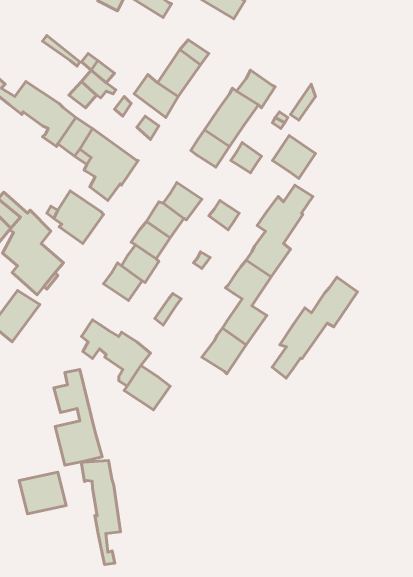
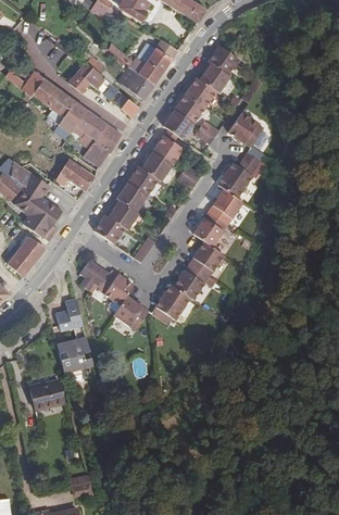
building: none -> [208,45,239,75]
building: none -> [152,135,183,164]
building: [272,277,358,378] -> none
building: none -> [154,285,189,321]
building: [81,460,120,565] -> none

